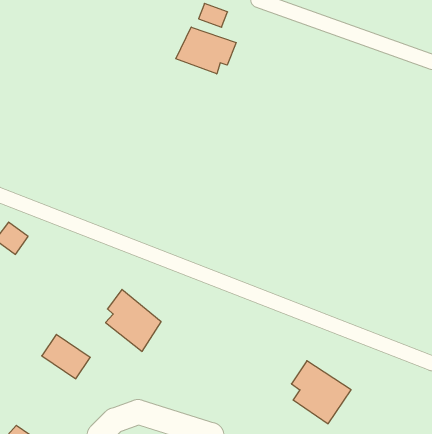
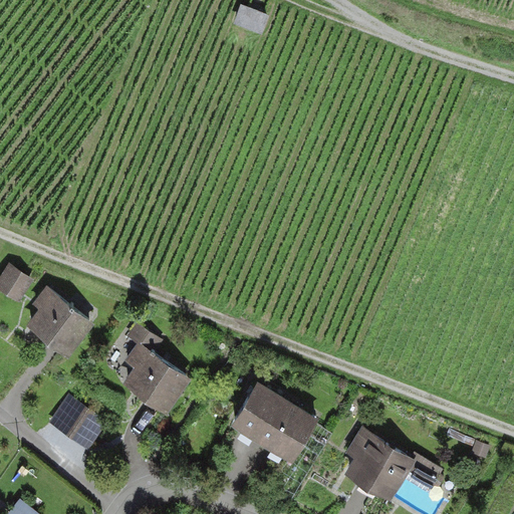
building: [176,27,236,74] -> none
building: none -> [27,286,88,352]
building: none -> [233,383,316,461]

